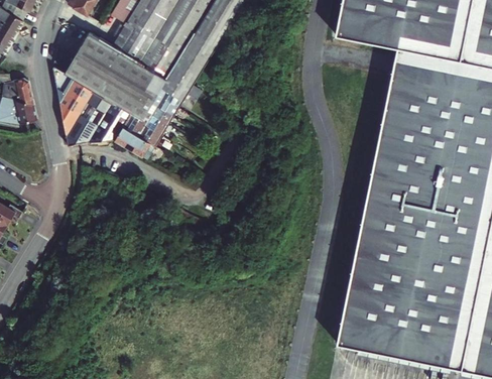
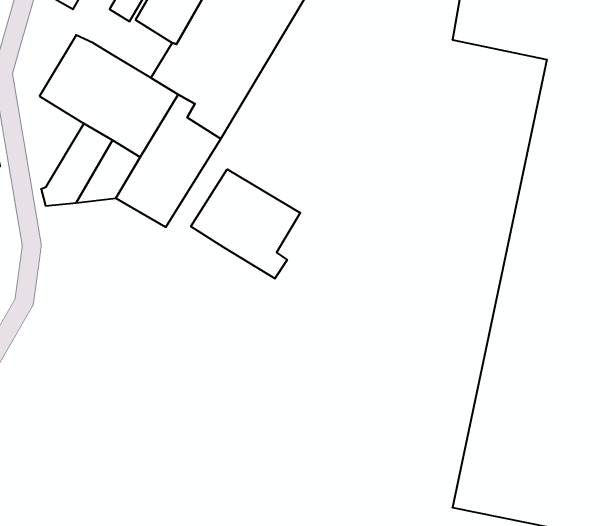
building: [112,21,151,59] -> none
building: [53,66,93,133] -> none
building: none -> [191,169,300,279]

